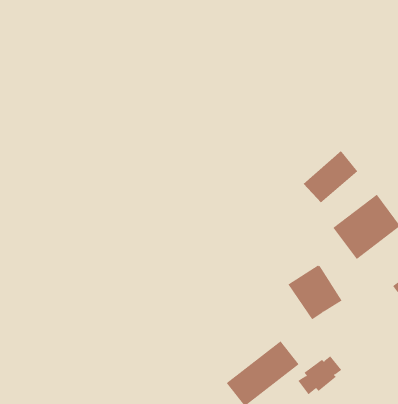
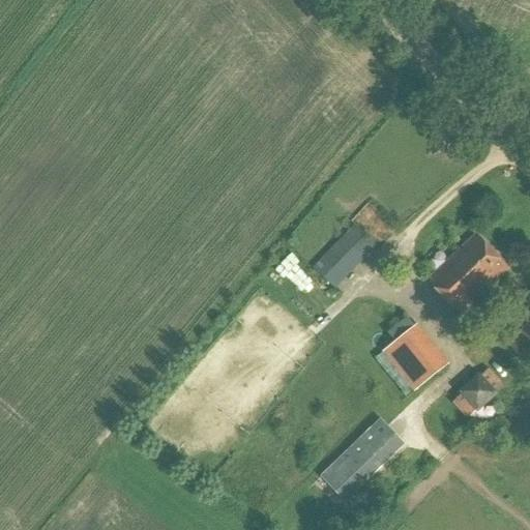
building: [303,150,358,203] -> [312,222,376,287]
building: [297,355,342,395] -> [452,366,504,416]

